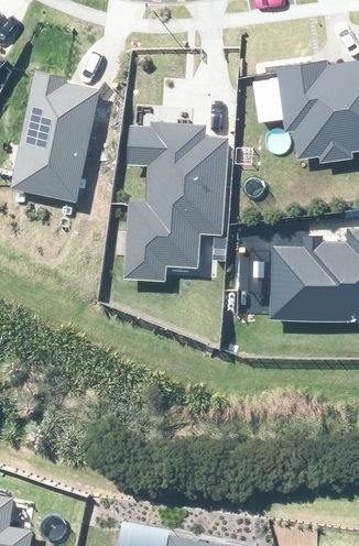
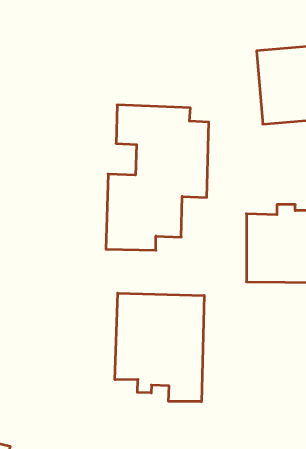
building: [10,72,100,198] -> none
building: none -> [115,293,204,402]

